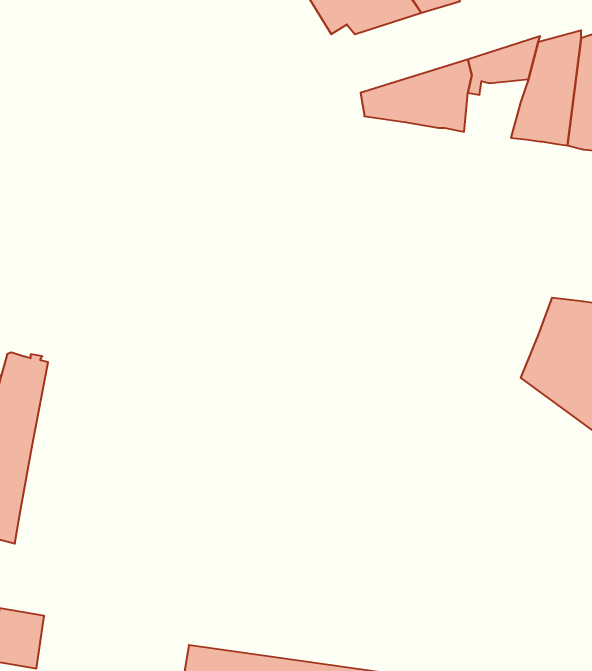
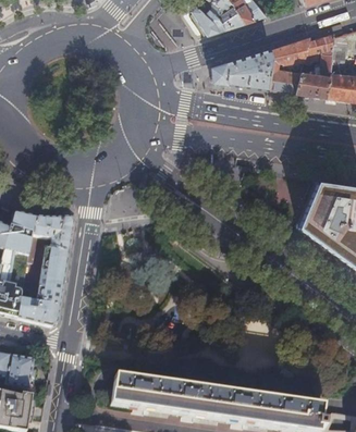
building: none -> [268,65,299,90]
building: none -> [17,208,73,324]

